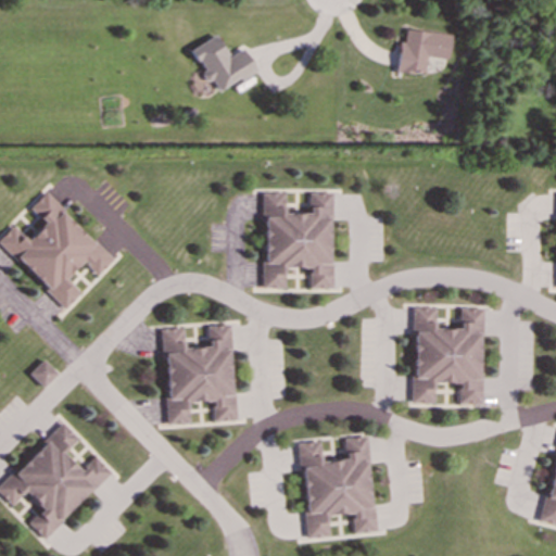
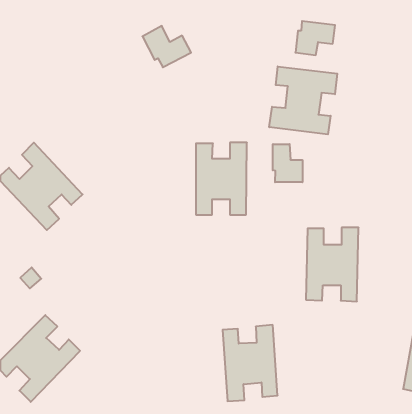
building: none -> [269,66,337,134]
building: none -> [273,144,302,182]
building: [164,324,236,425] -> none

